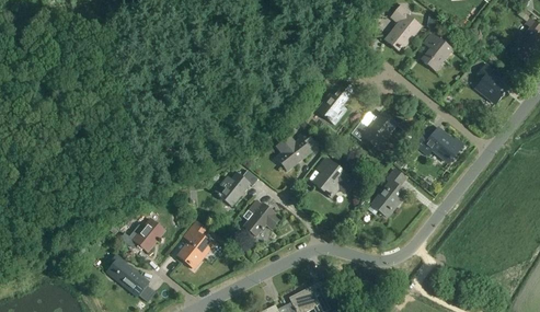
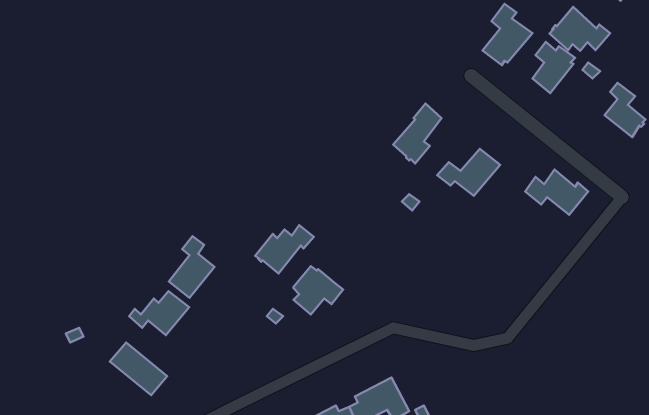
building: none -> [549,7,610,51]
building: [277,130,314,171] -> none
building: [315,157,354,196] -> none
building: [368,170,406,217] -> none
building: [179,222,212,268] -> [169,236,214,298]

